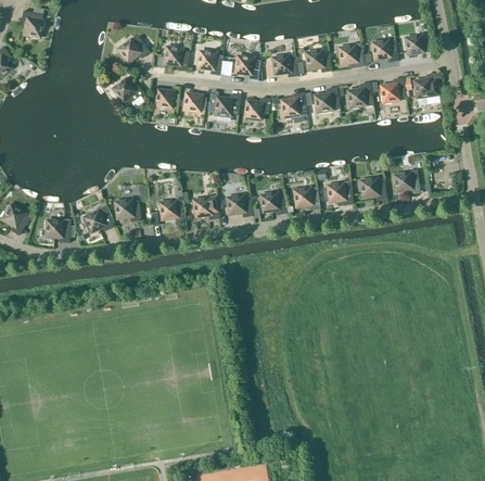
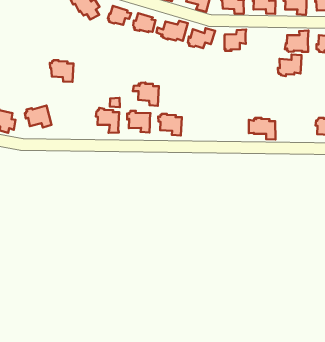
building: [314,88,339,113] -> [278,55,302,76]
building: none -> [133,83,159,106]
building: [359,178,385,201] -> none
building: [292,188,319,210] -> none
building: [259,193,285,215] -> none
building: [113,200,140,221] -> [50,60,73,82]

